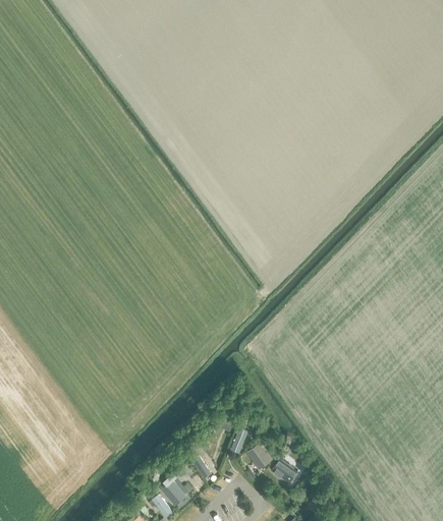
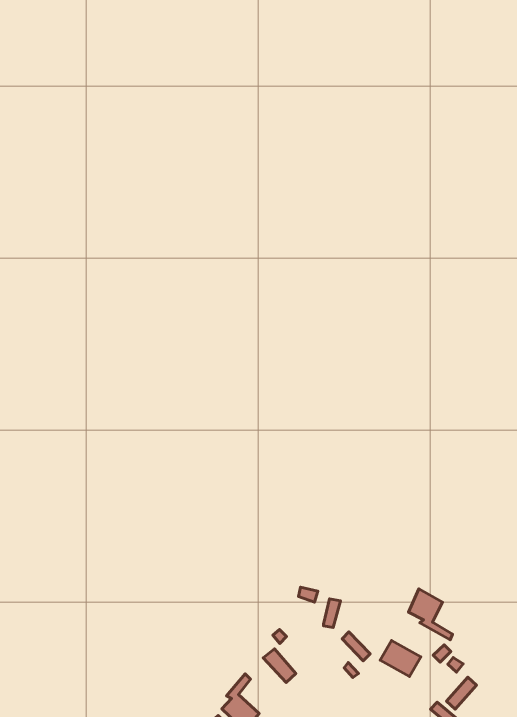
building: none -> [408,589,452,640]

